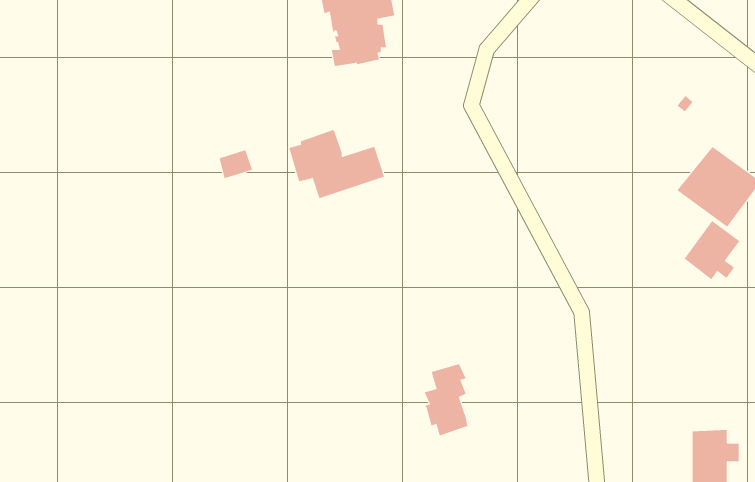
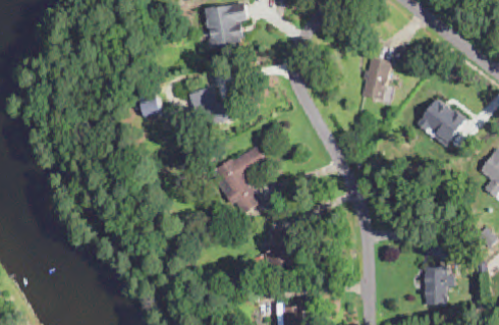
building: none -> [363,56,392,100]
building: [684,220,740,280] -> none
building: none -> [211,145,265,213]

